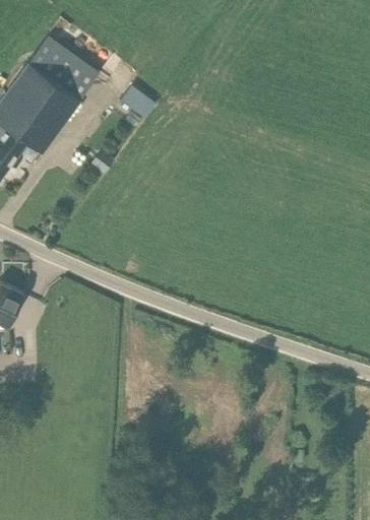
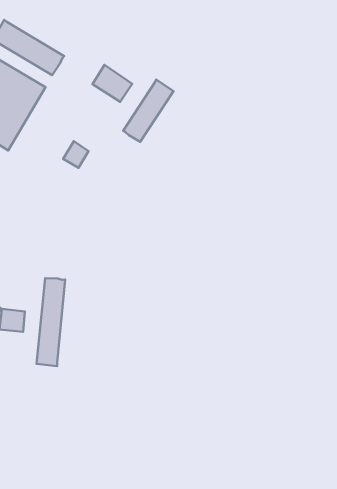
building: none -> [123,79,174,142]
building: none -> [37,278,65,366]

